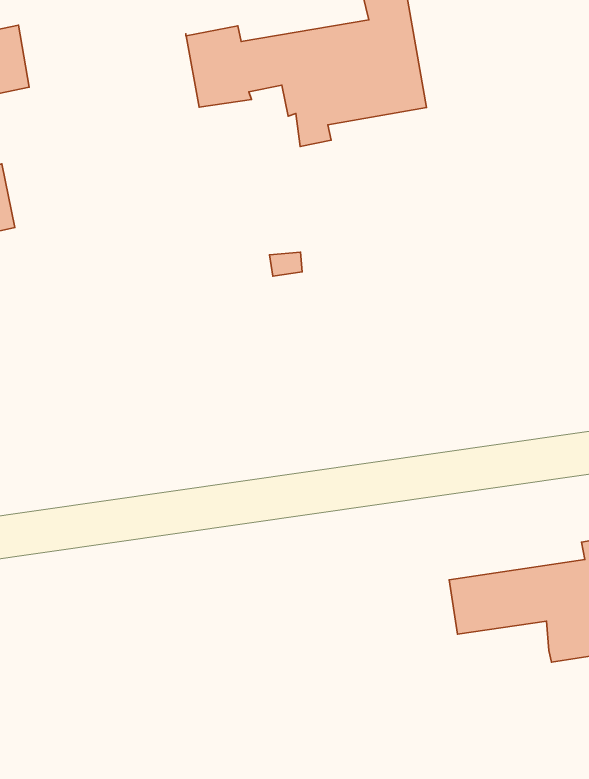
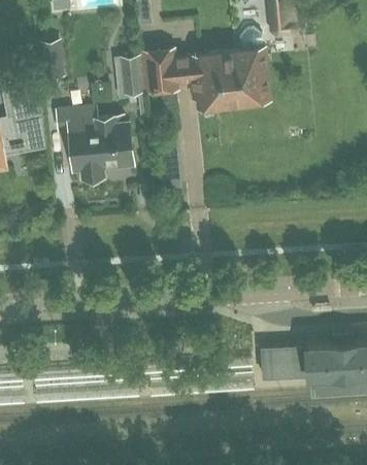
building: none -> [122,58,141,95]
building: none -> [57,108,132,180]

